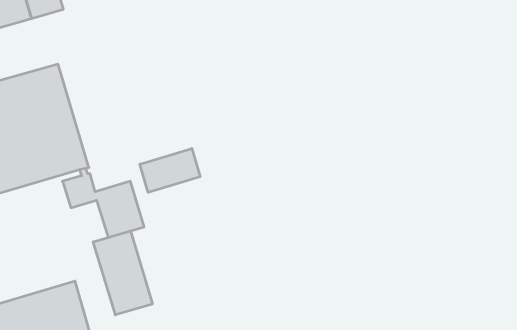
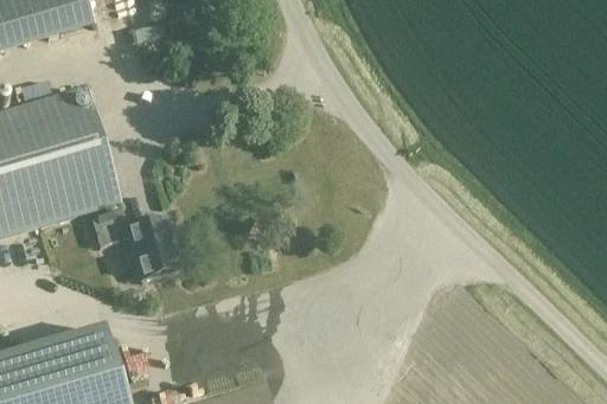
building: [140,148,200,192] -> none
building: [93,231,152,315] -> none

